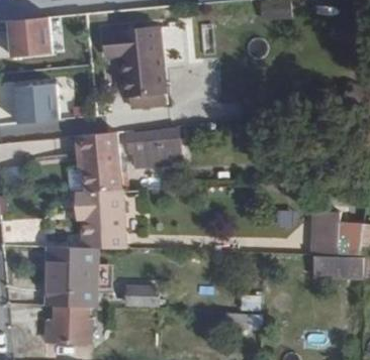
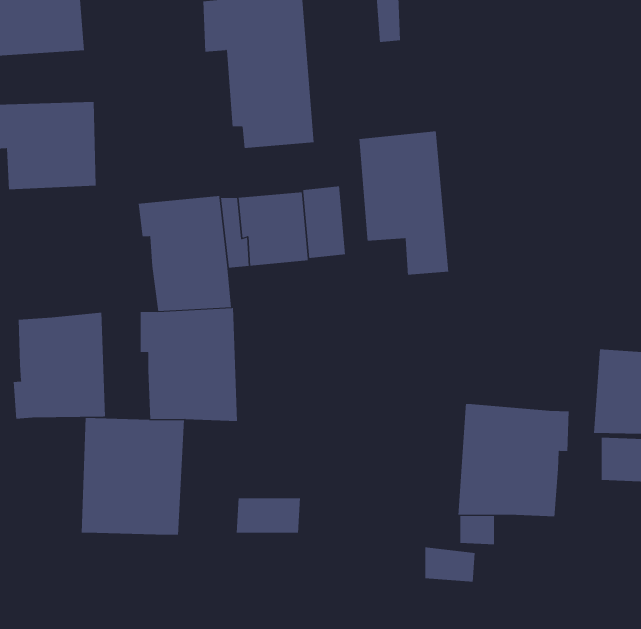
building: none -> [359,131,449,275]
building: none -> [13,312,106,419]
building: none -> [458,403,569,517]
building: [44,304,94,342] -> none

